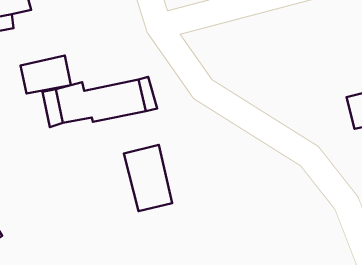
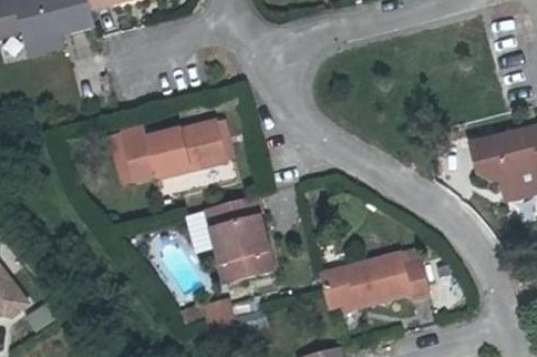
building: [21,56,71,94] -> none
building: none -> [312,254,428,313]

